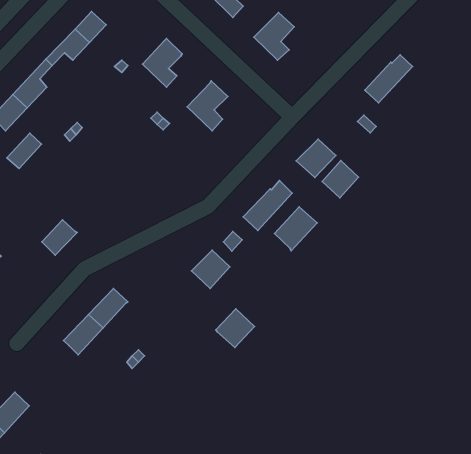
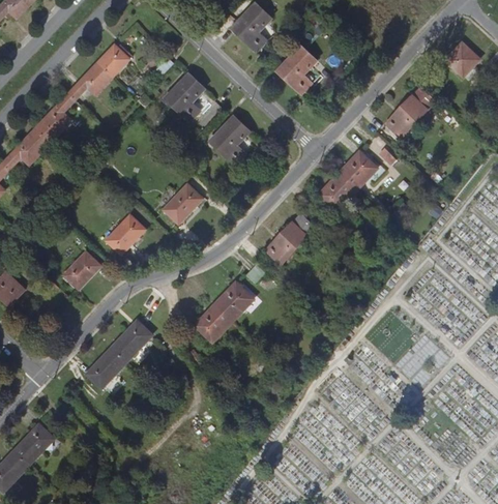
building: none -> [447,42,478,75]
building: [7,133,42,169] -> none
building: none -> [164,183,203,223]
building: [322,161,359,198] -> [341,151,377,188]
building: none -> [107,214,145,254]
building: [274,207,317,251] -> none
building: [216,309,254,347] -> [195,303,233,342]

